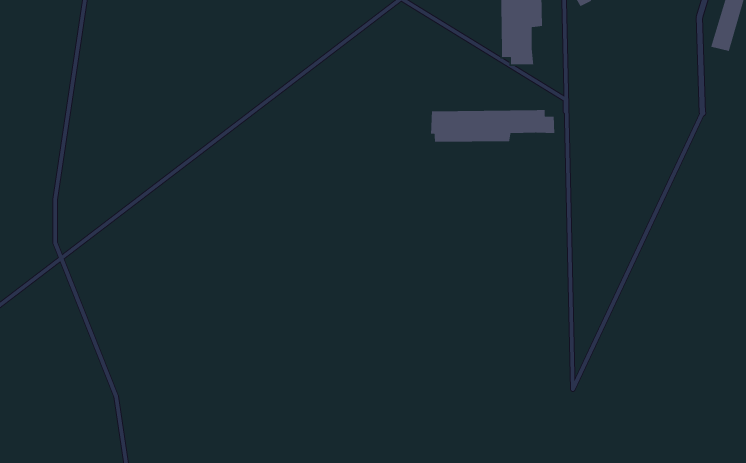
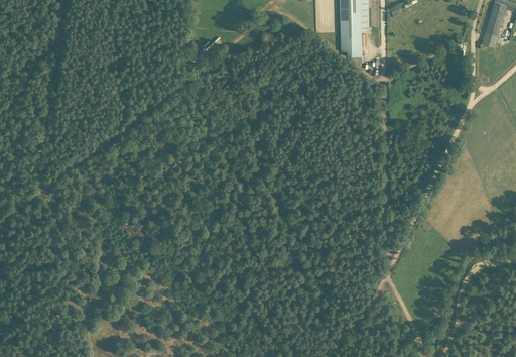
building: [430,109,555,142] -> none

